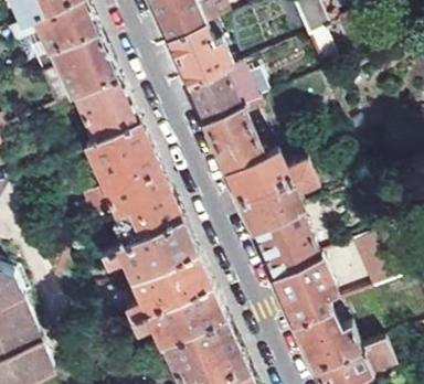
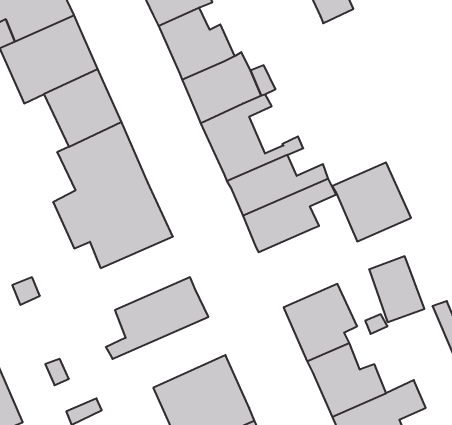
building: [253,213,319,279] -> [332,162,411,241]
building: [99,220,195,281] -> none
building: [130,287,225,348] -> none

